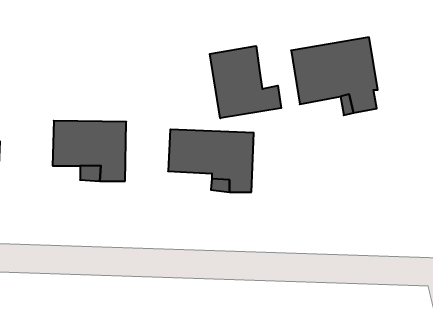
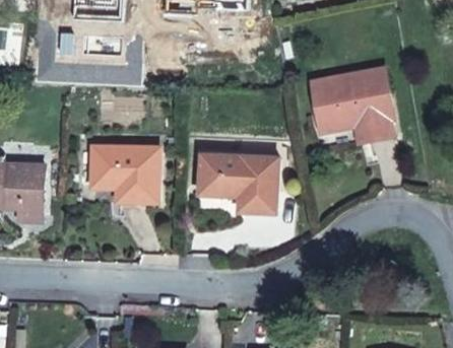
building: [210,46,281,118] -> none

